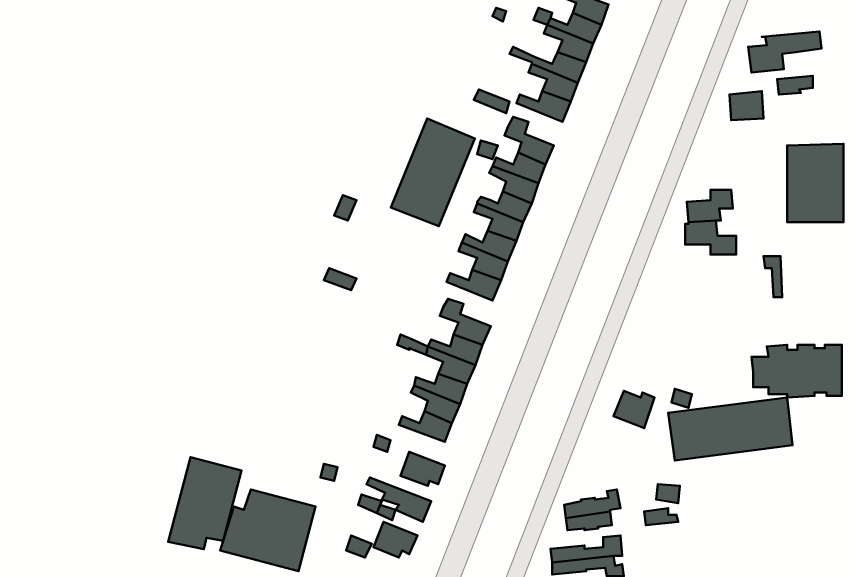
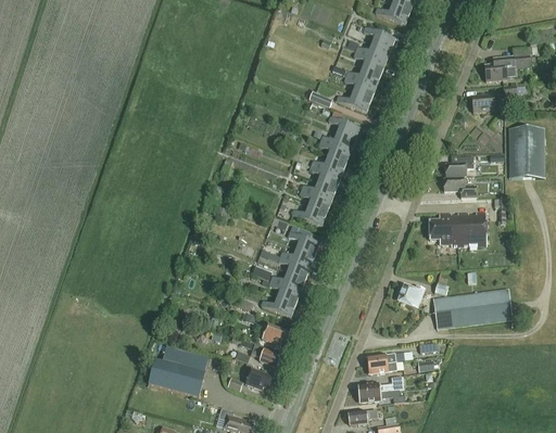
building: [391,119,475,226] -> none
building: [752,345,842,398] -> [428,212,485,245]
building: [168,457,242,549] -> none

